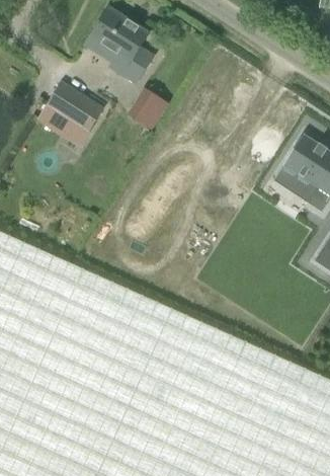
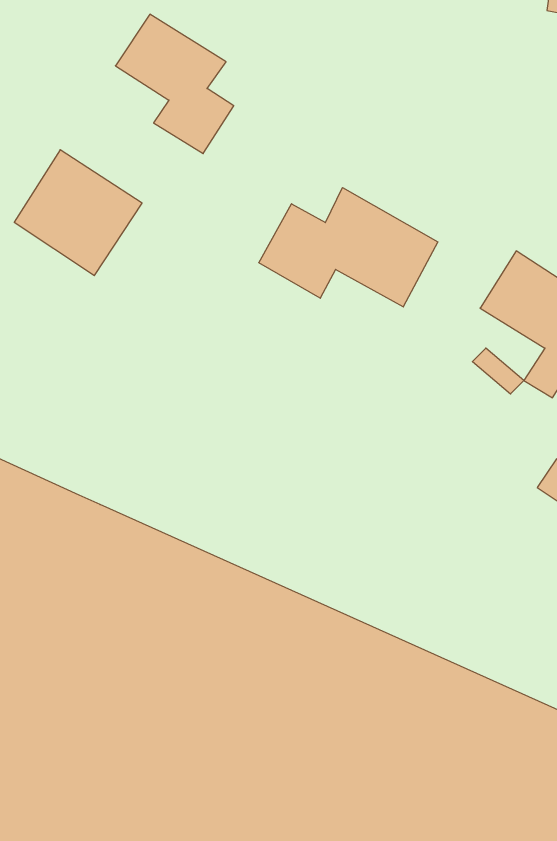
building: [129,88,168,131] -> none
building: none -> [259,188,438,307]

